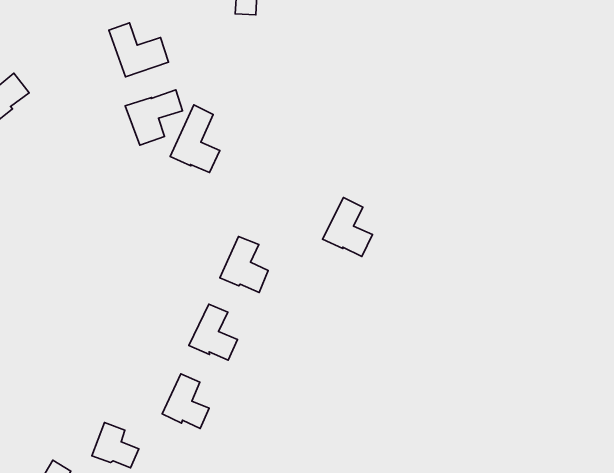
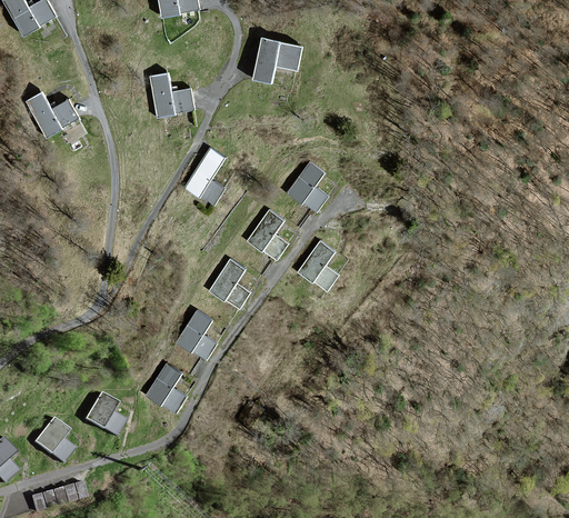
building: [125,90,183,145] -> none
building: none -> [288,162,326,210]
building: none -> [248,211,286,258]

